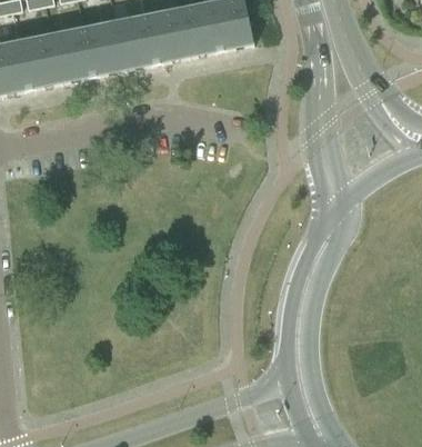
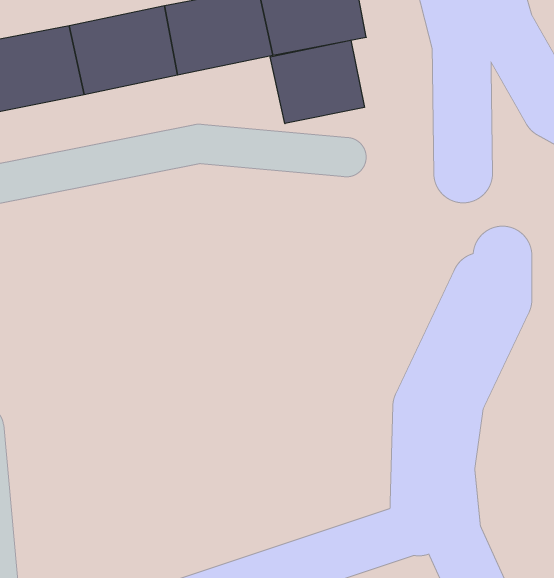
building: none -> [270,40,364,124]

